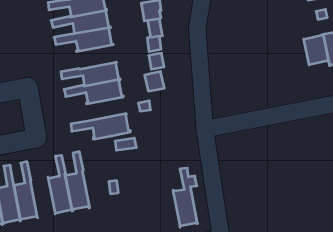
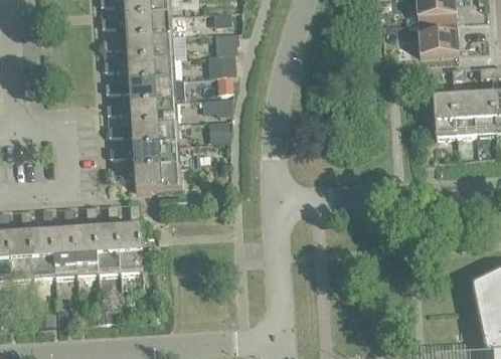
building: [304,35,329,65] -> none
building: none -> [106,75,176,101]
building: none -> [110,141,180,165]
building: none -> [52,204,77,276]
building: [173,168,198,227] -> [118,200,148,272]

